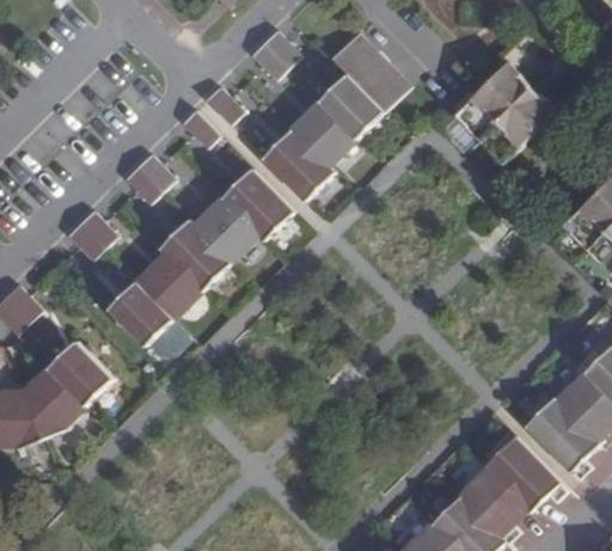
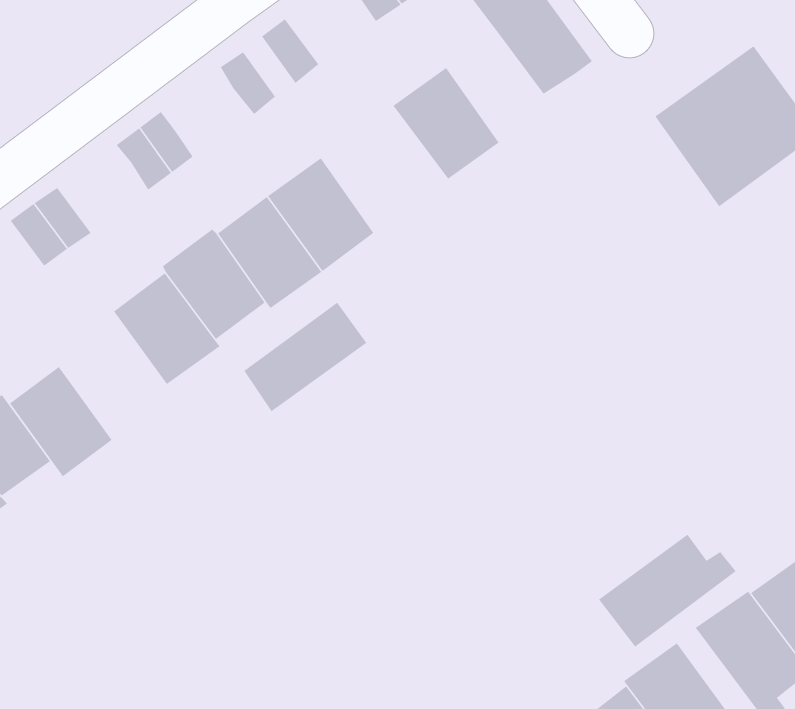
building: [320,75,388,143] -> none
building: [262,130,331,200] -> none
building: none -> [243,302,367,412]
building: [109,282,176,350] -> [9,366,112,477]
building: none -> [598,534,737,647]

